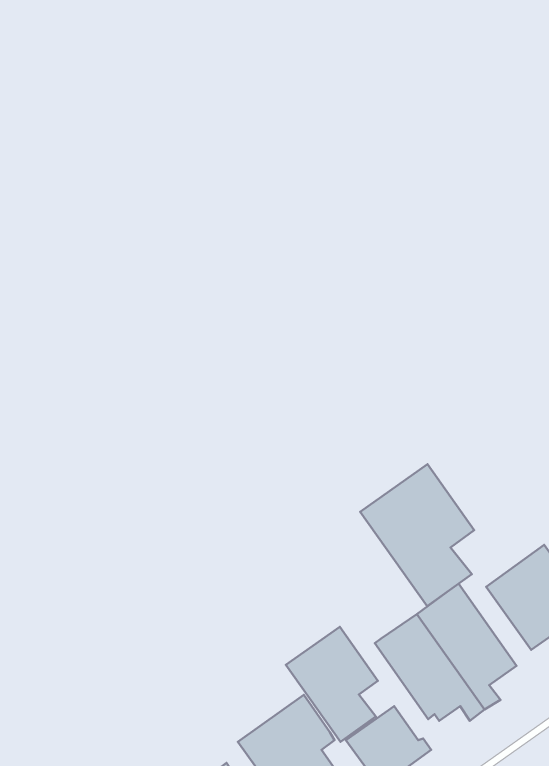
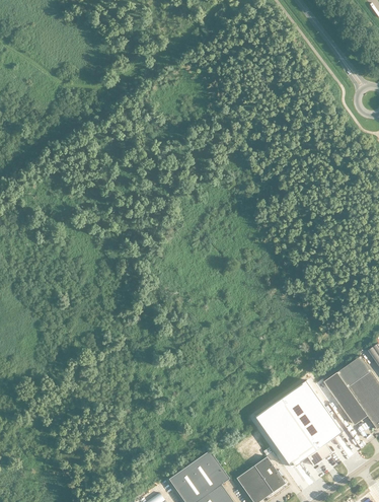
building: [360,464,474,606] -> none
building: [286,627,378,742] -> none

